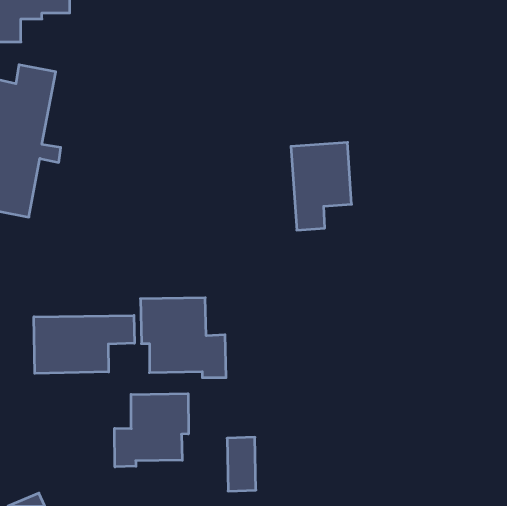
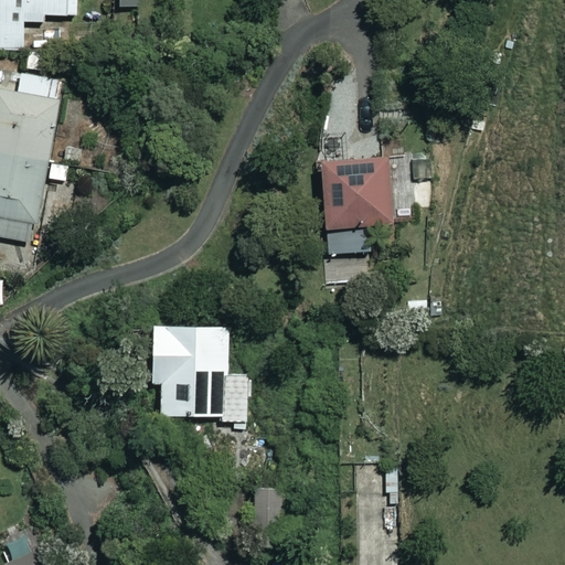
building: [34,315,134,373] -> none
building: [115,394,188,467] -> none

